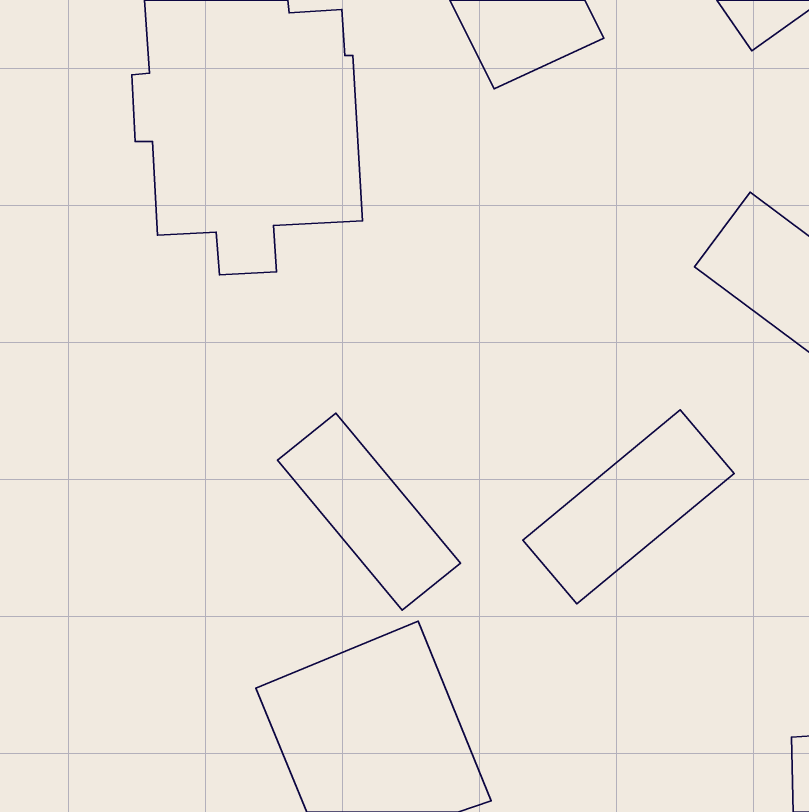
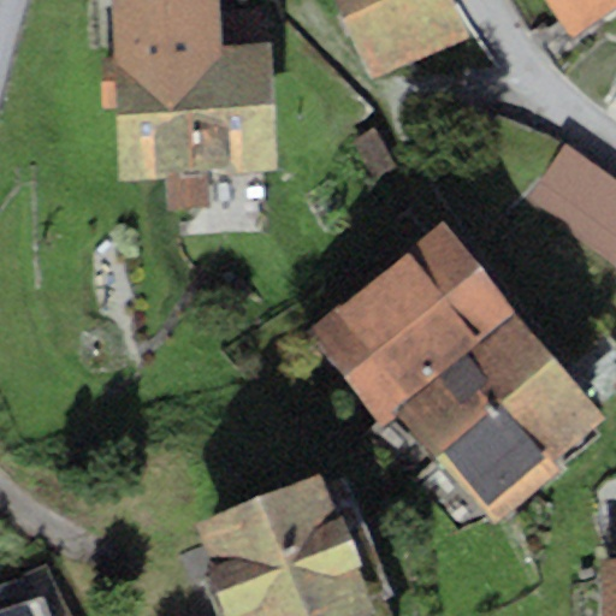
building: none -> [308,220,517,422]
building: [278,413,460,610] -> none
building: none -> [439,359,609,517]

